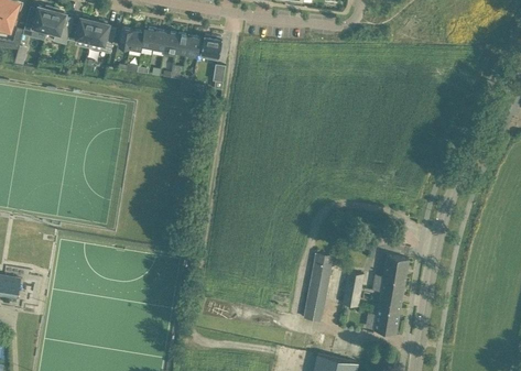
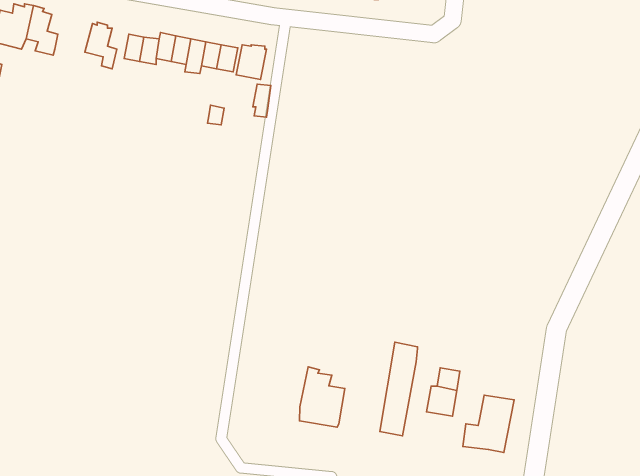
building: [68,15,96,41] -> none
building: [372,254,409,294] -> none
building: none -> [300,367,345,427]

